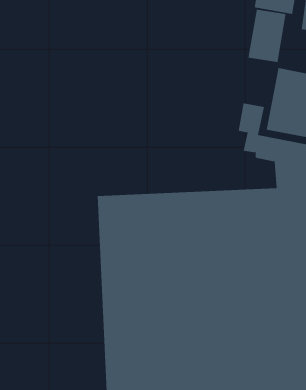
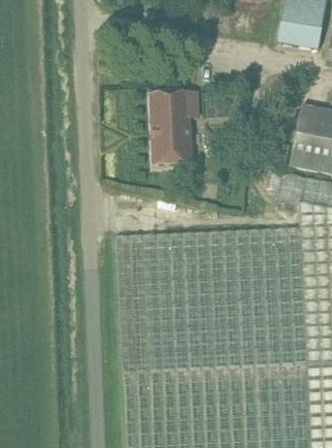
building: [248,9,286,63] -> none
building: none -> [151,93,197,164]

